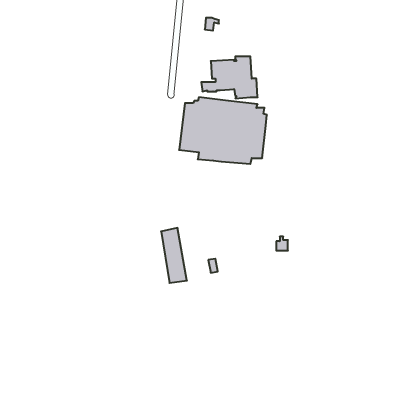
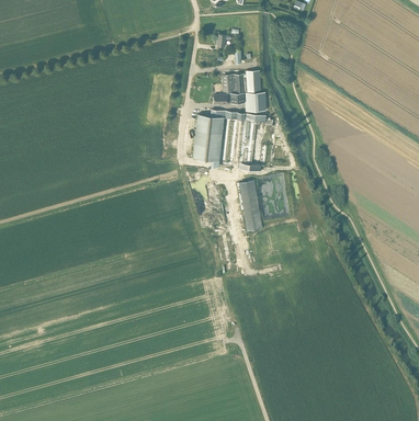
building: [161,228,187,283] -> [238,179,262,230]

